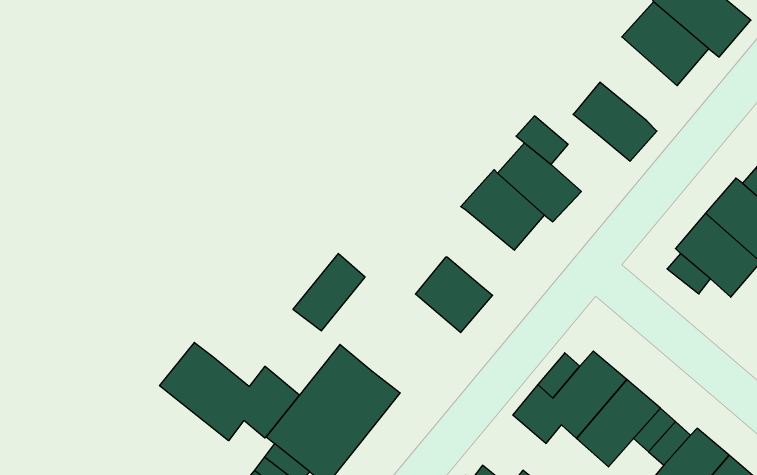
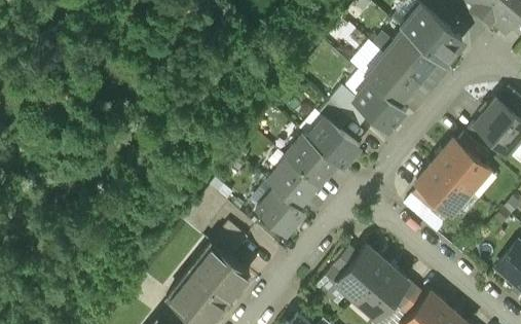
building: none -> [365,55,418,106]
building: none -> [331,89,370,127]
building: none -> [269,160,319,208]
building: none -> [212,223,247,259]
building: [160,342,300,441] -> none

